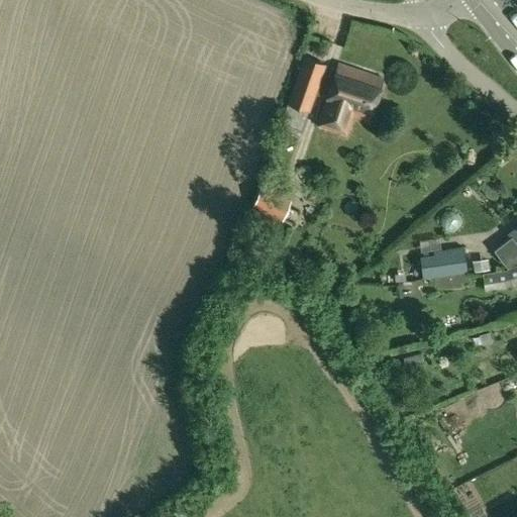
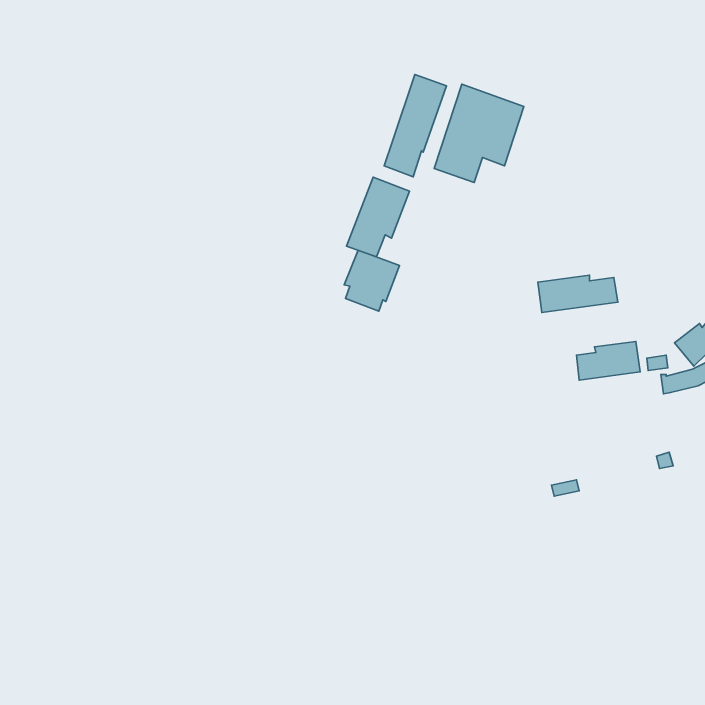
building: none -> [347,177,409,257]
building: none -> [538,275,618,312]

